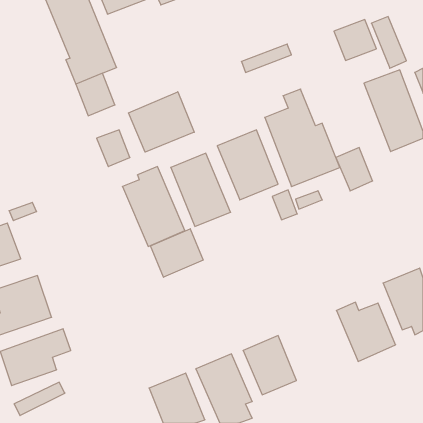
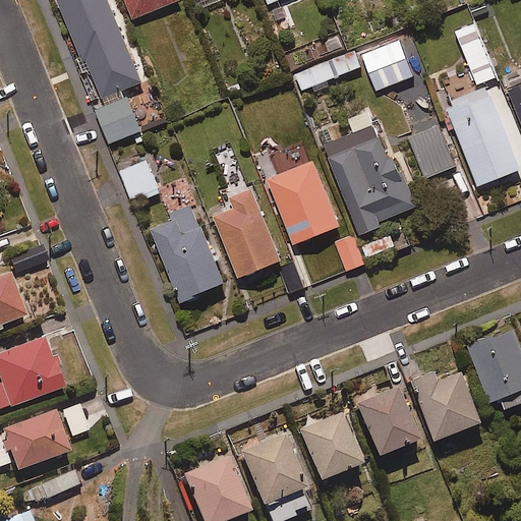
building: [334,20,376,60] -> [361,39,413,89]
building: [129,92,194,152] -> none
building: [336,148,373,191] -> [409,123,454,176]
building: [150,229,203,277] -> none
building: none -> [355,386,420,459]

